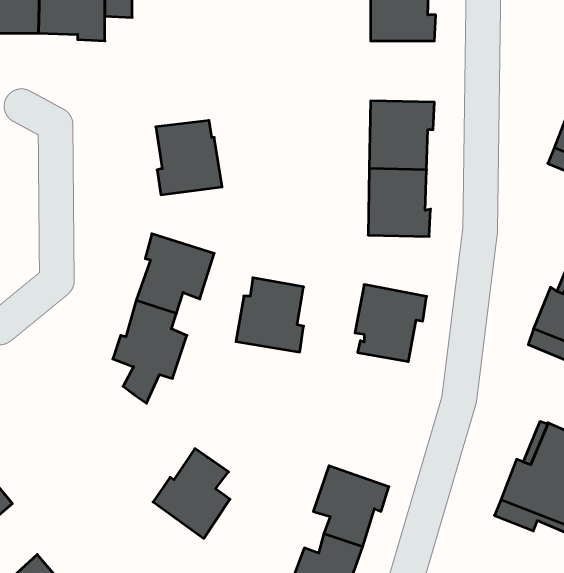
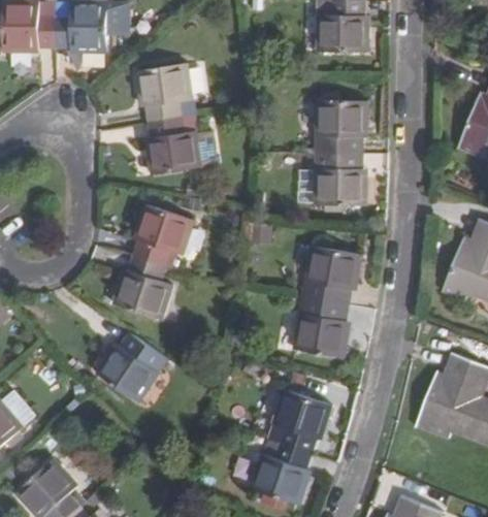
building: none -> [137,63,192,120]
building: [236,278,304,352] -> [294,298,348,357]
building: [153,449,230,538] -> [97,331,158,402]

